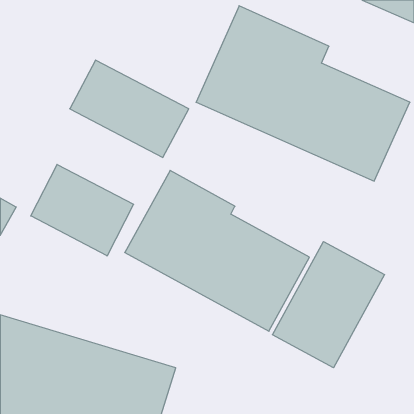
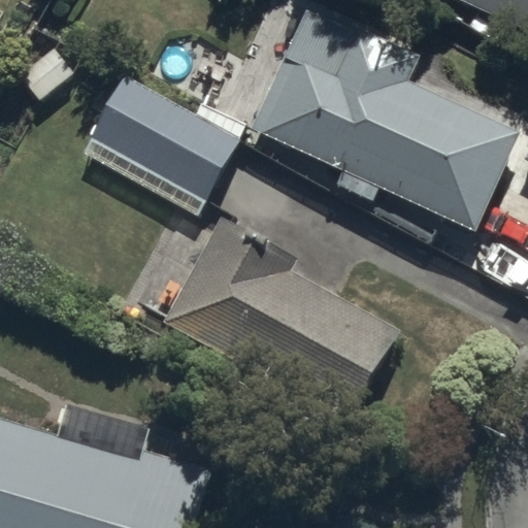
building: [31,164,134,256] -> none
building: [272,242,385,368] -> none

